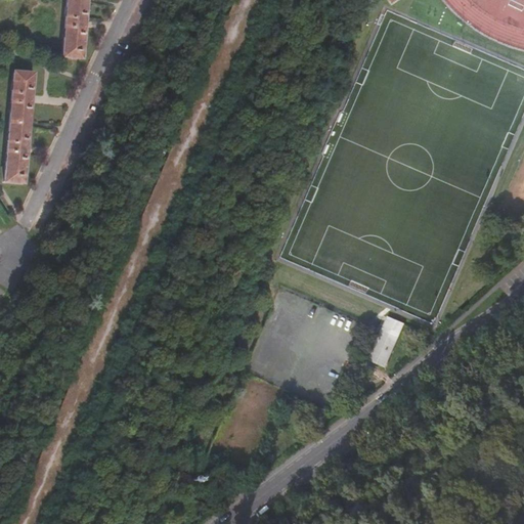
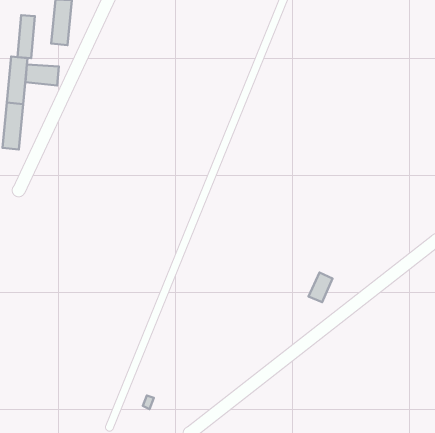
building: none -> [17,15,35,58]
building: none -> [26,64,59,85]

